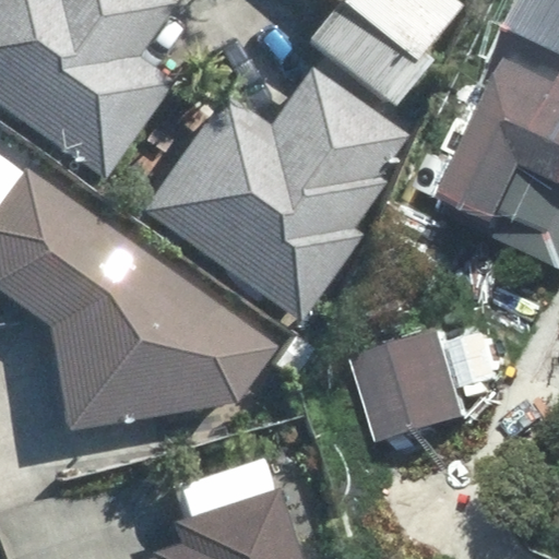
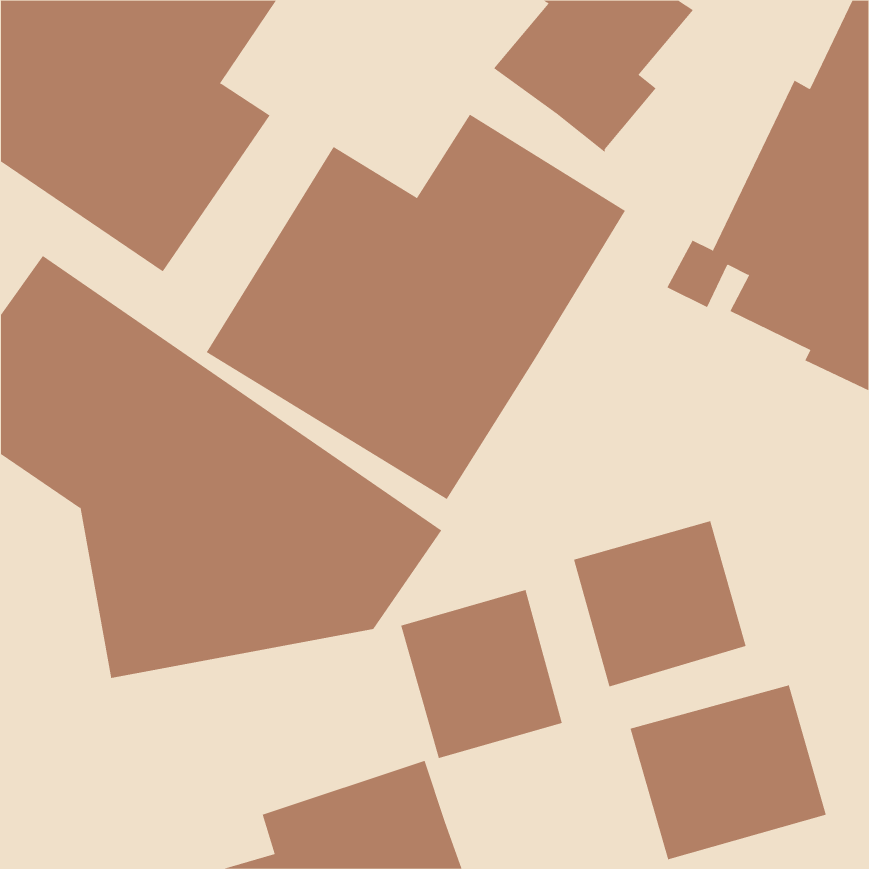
building: none -> [401,589,562,759]
building: none -> [630,685,826,860]

